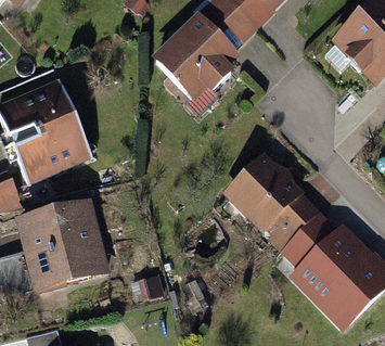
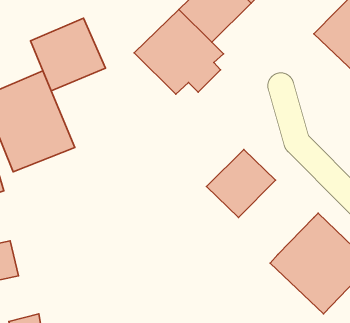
building: none -> [30,18,106,91]
building: [258,192,335,268] -> none
building: [21,202,111,284] -> none

